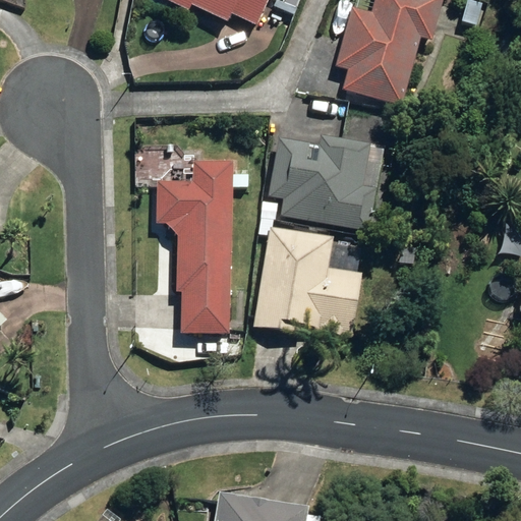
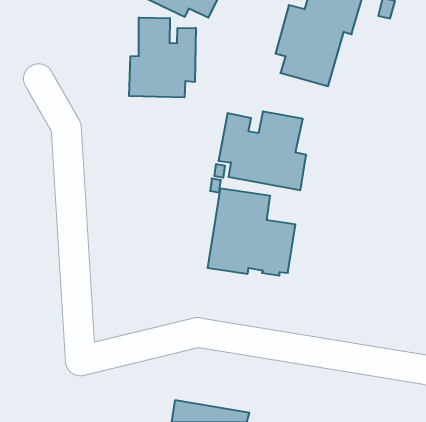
building: none -> [129,17,196,97]
building: [156,160,233,333] -> none

